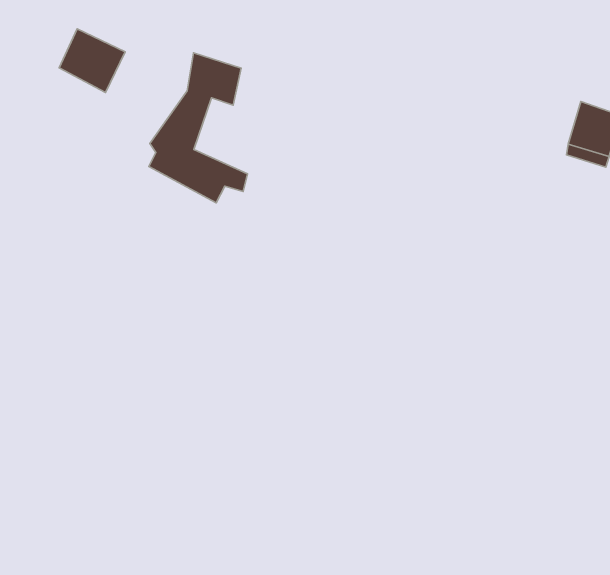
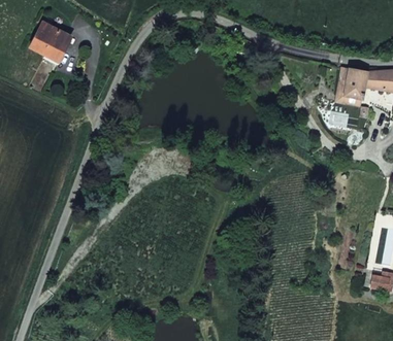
building: [149,53,248,203] -> none

